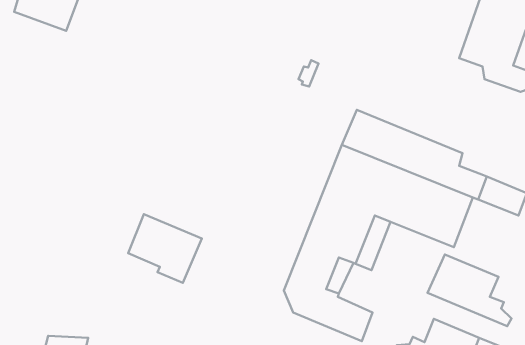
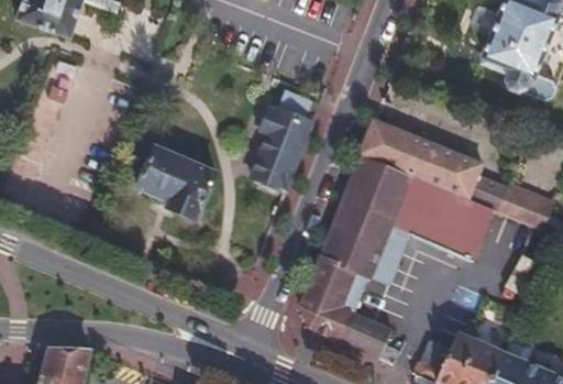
building: none -> [253,89,310,187]
building: [128,214,202,283] -> [139,146,216,218]
building: [427,254,511,326] -> none

